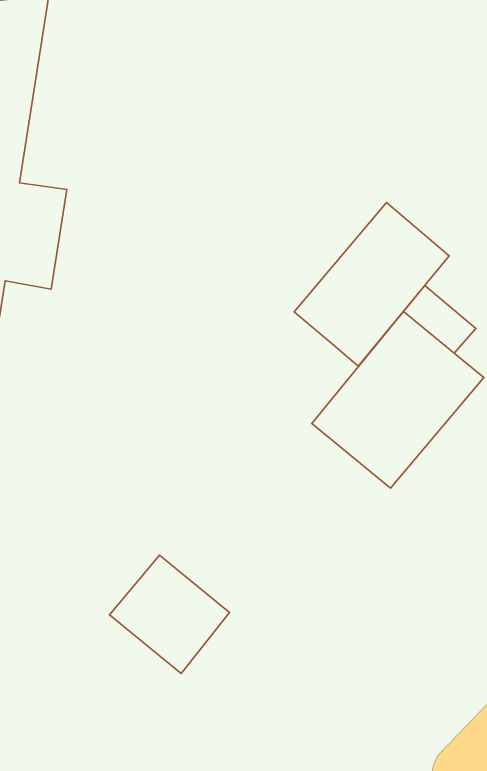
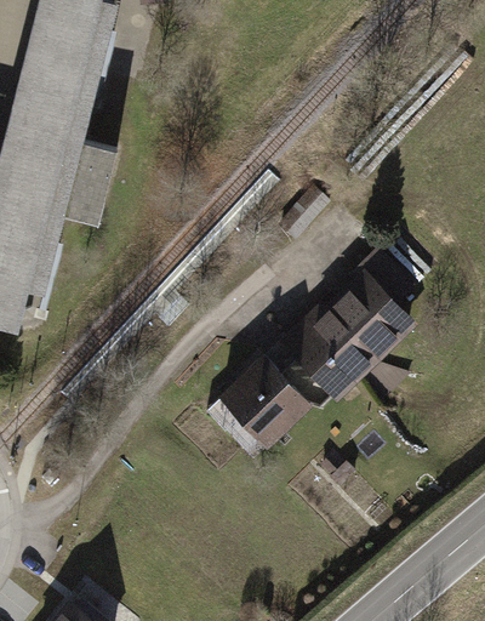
building: [294,203,449,366] -> none
building: [109,555,230,673] -> [219,357,310,448]

